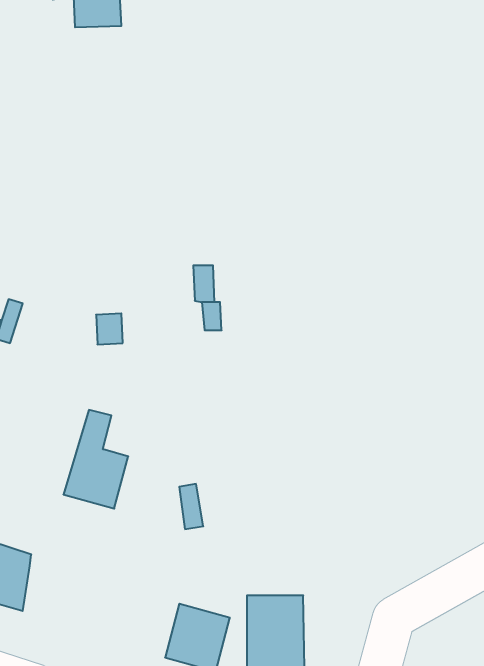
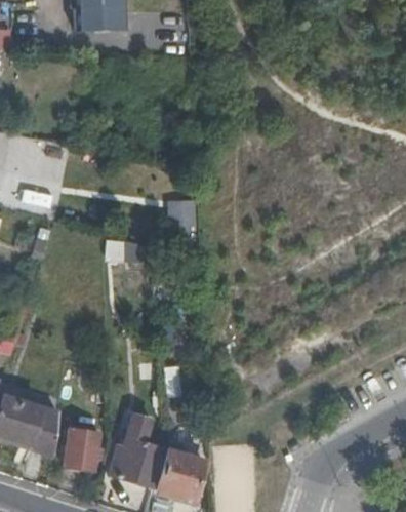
building: [63,410,128,509] -> [116,416,163,487]
building: none -> [64,429,99,471]

